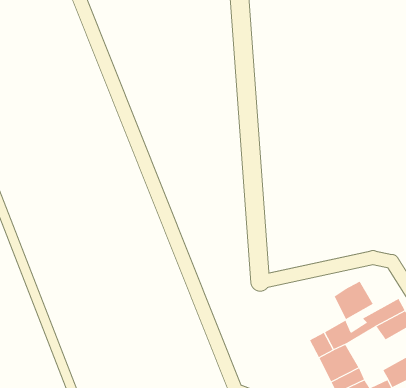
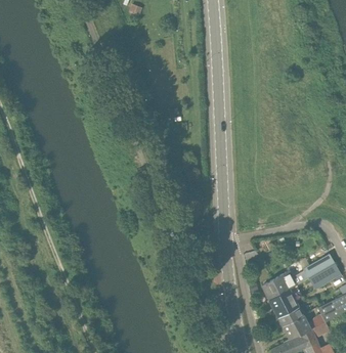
building: [334,281,374,320] -> none

